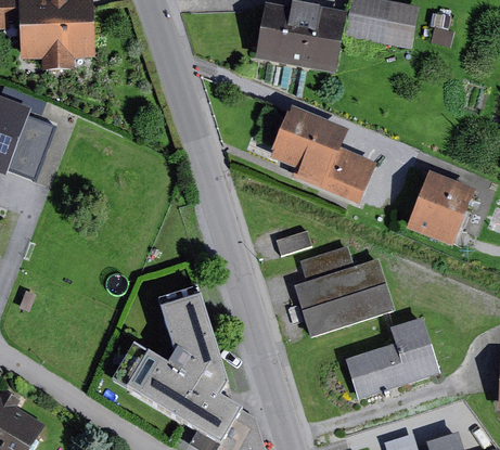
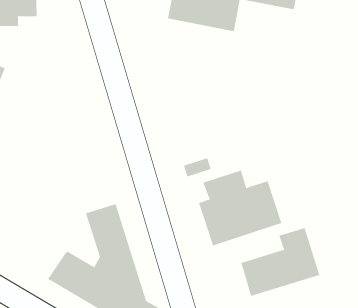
building: [272,106,376,203] -> none
building: [409,170,476,245] -> none

